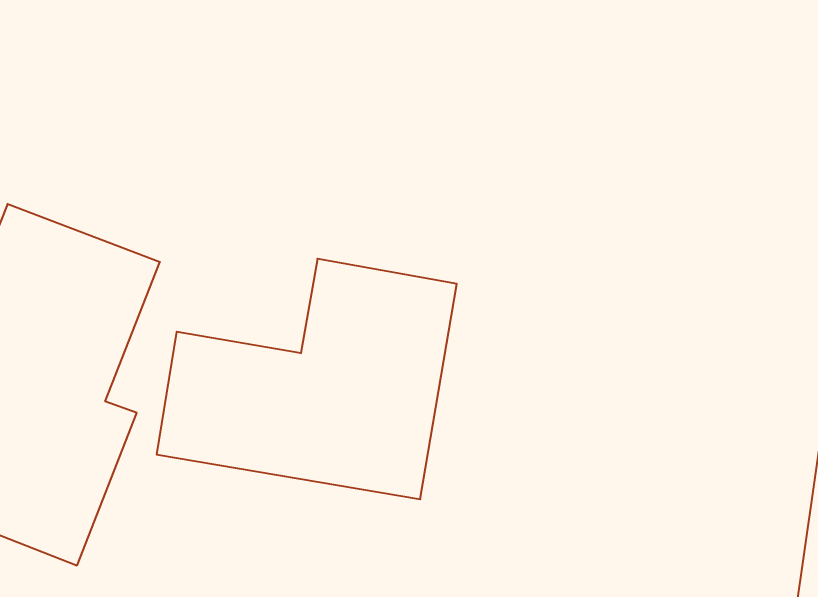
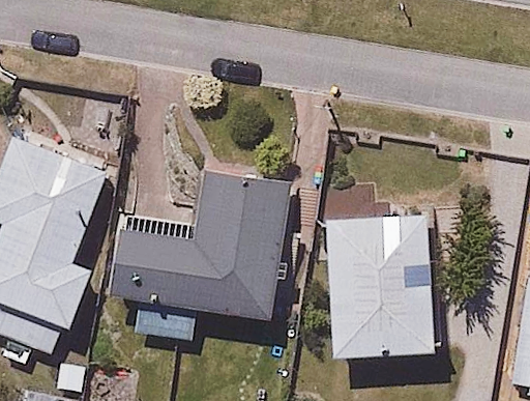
building: none -> [326,219,433,357]

